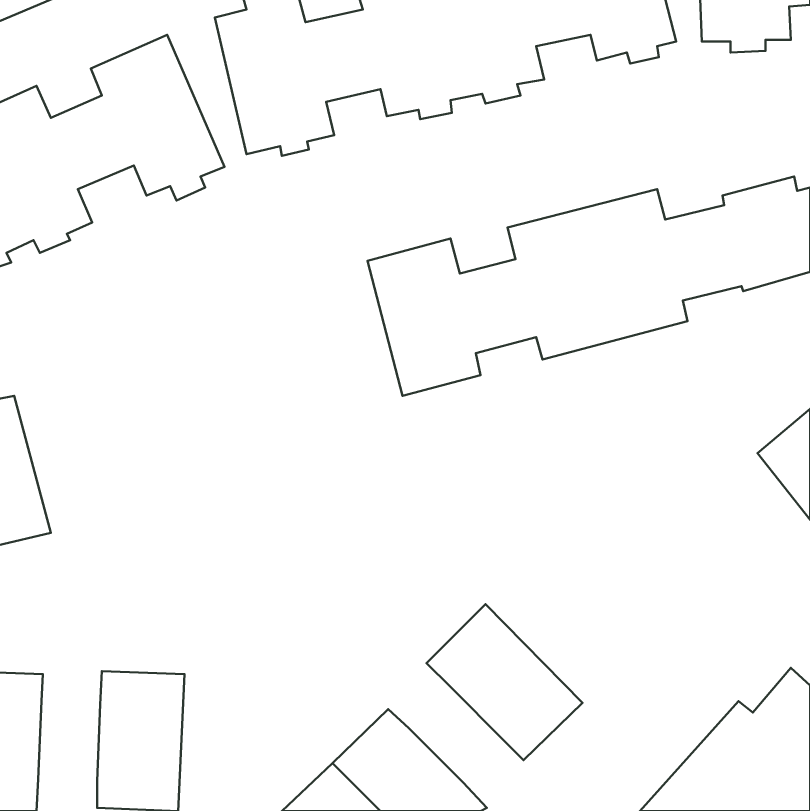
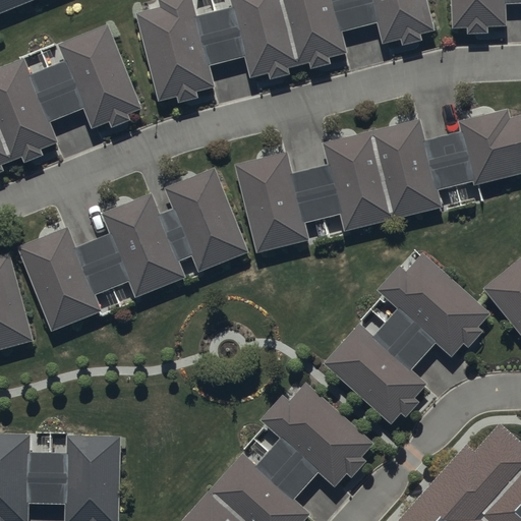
building: none -> [16,167,249,331]
building: none -> [323,254,488,425]
building: none -> [262,440,323,501]
building: none -> [24,449,64,500]

